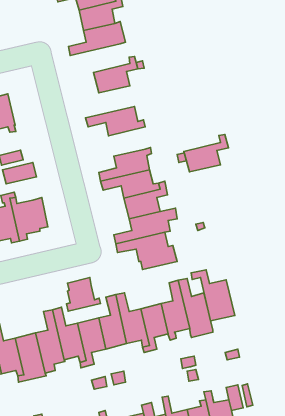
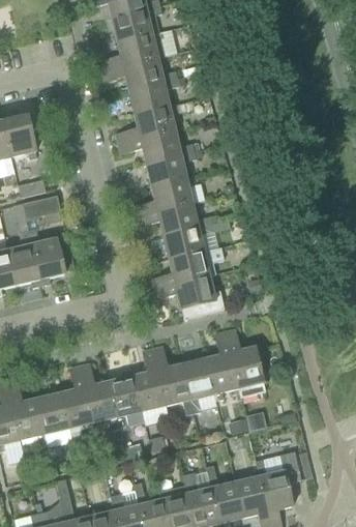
building: none -> [100,57,170,90]
building: none -> [116,104,178,143]
building: [184,134,229,172] -> [145,144,197,187]
building: [191,270,235,321] -> none
building: [66,278,101,311] -> none

